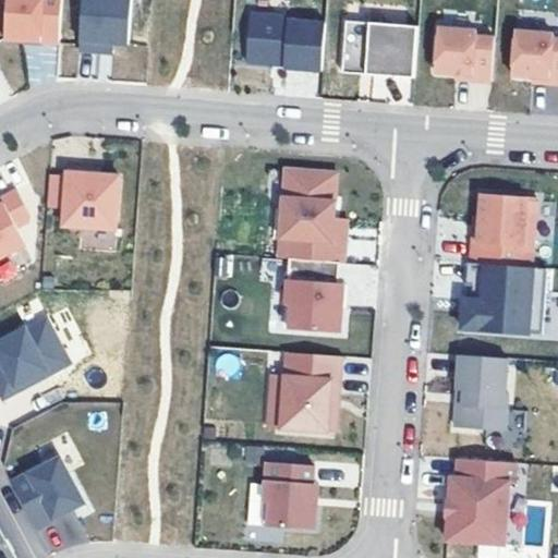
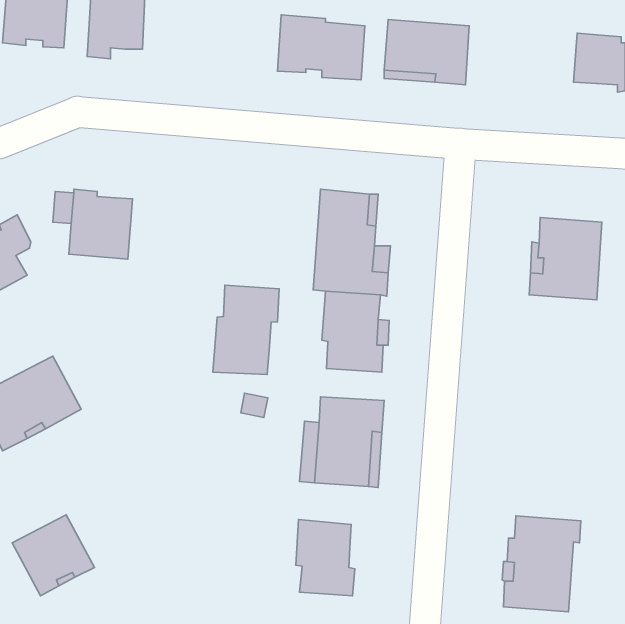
building: [433,27,493,81] -> none
building: none -> [213,285,279,374]
building: [460,262,546,333] -> none
building: [454,354,507,429] -> none

